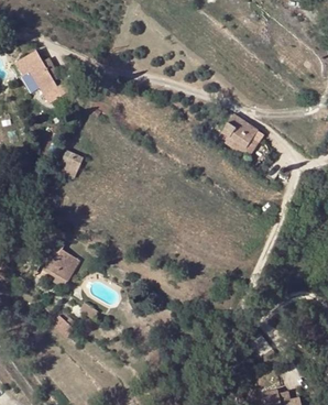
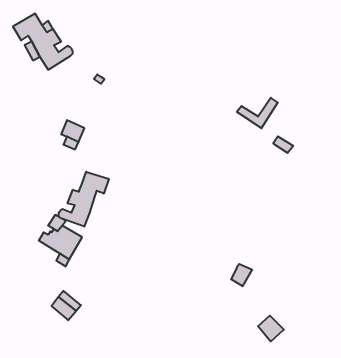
building: [222,114,258,147] -> none
building: none -> [59,172,109,227]

